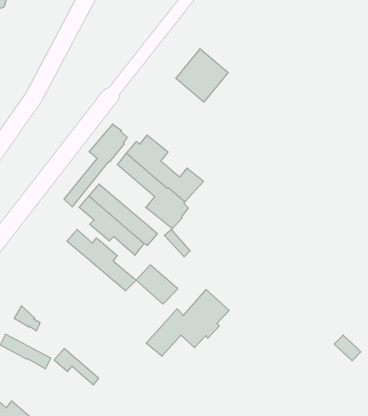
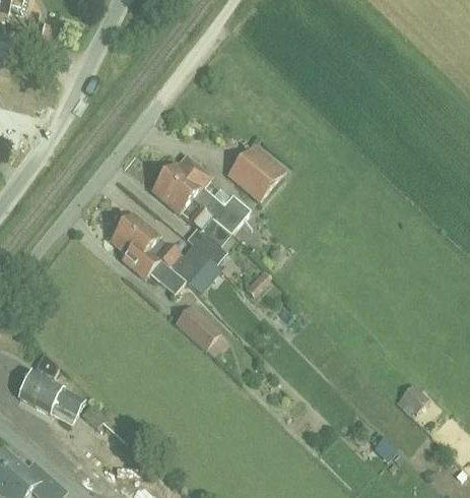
building: [176,49,228,102] -> [224,140,284,201]
building: [64,124,127,207] -> none
building: [67,229,136,291] -> none
building: [146,290,229,356] -> none
building: none -> [23,370,83,412]

